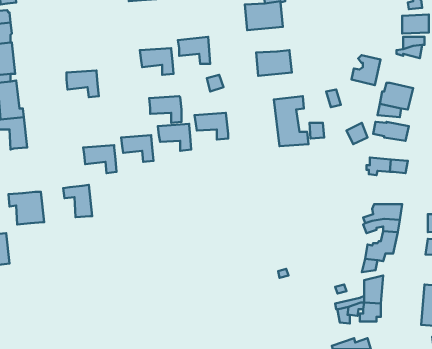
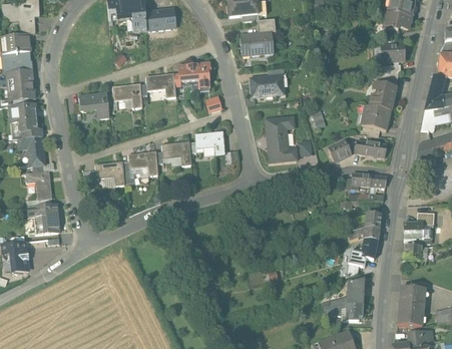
building: [352,55,381,85] -> [370,82,396,109]
building: [149,96,181,123] -> [112,83,141,107]
building: [63,185,92,217] -> [26,168,52,198]

